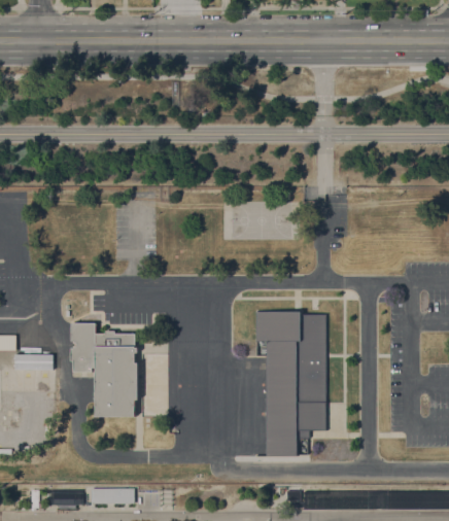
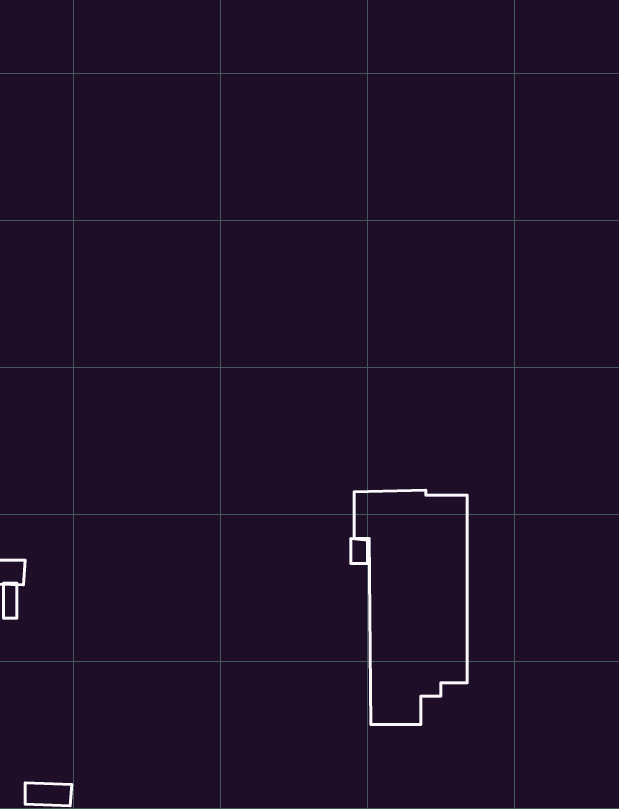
building: [70,323,137,416] -> none
building: [90,488,134,503] -> none

